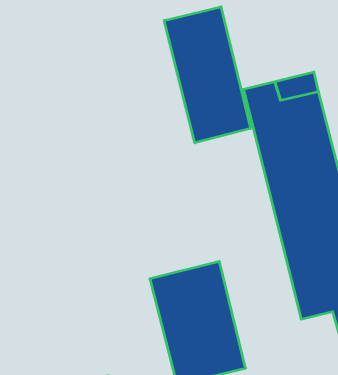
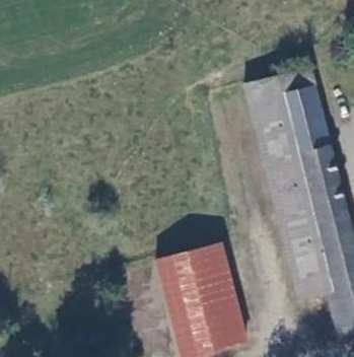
building: [164,7,250,143] -> none

